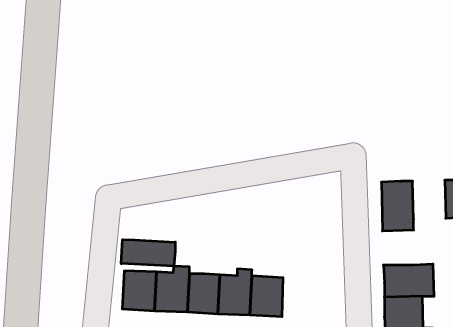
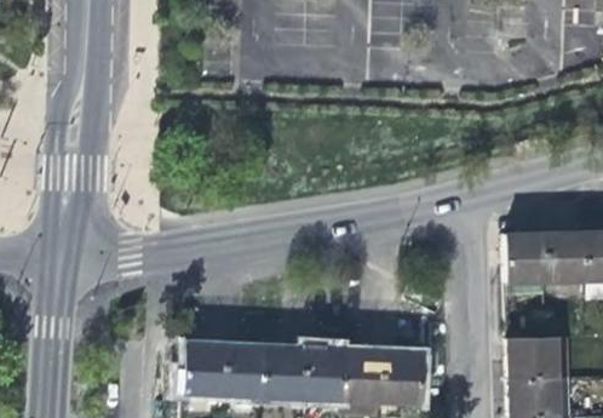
building: none -> [546,233,587,281]
building: [121,240,175,266] -> none
building: none -> [384,354,423,403]

